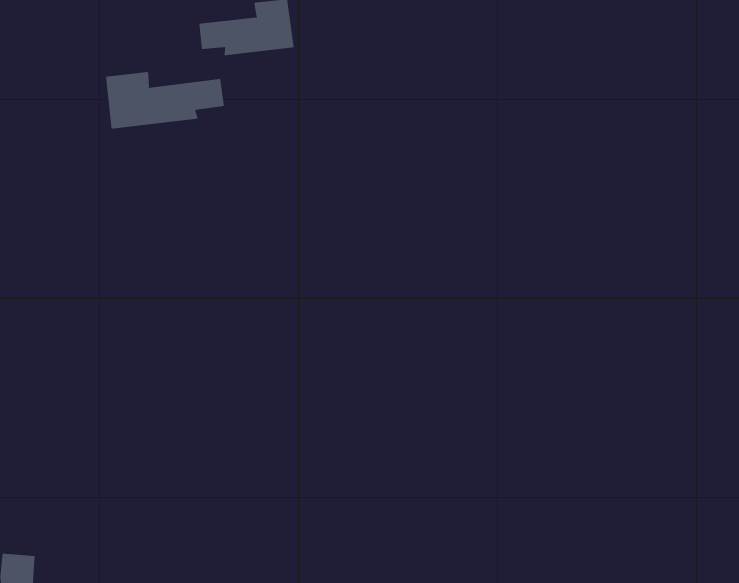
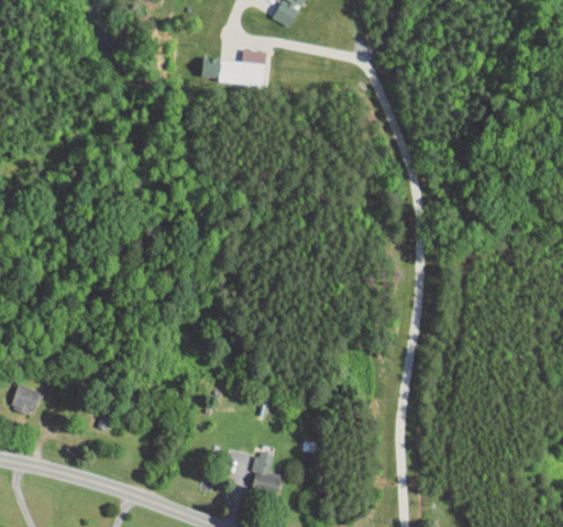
building: [106,71,224,129] -> none

